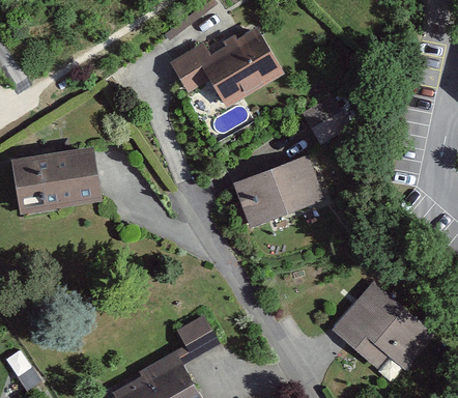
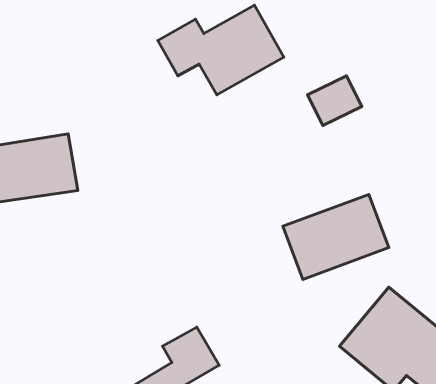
building: [231,152,324,227] -> [283,194,389,279]

